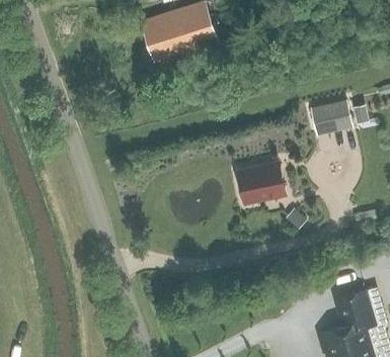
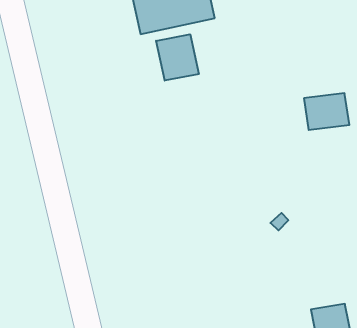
building: none -> [156,34,199,81]
building: [237,161,284,198] -> none

